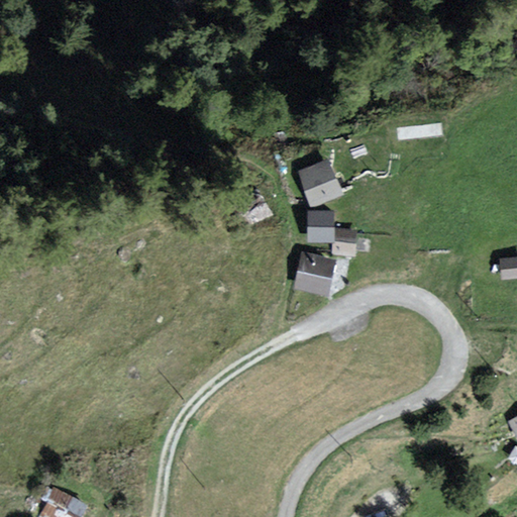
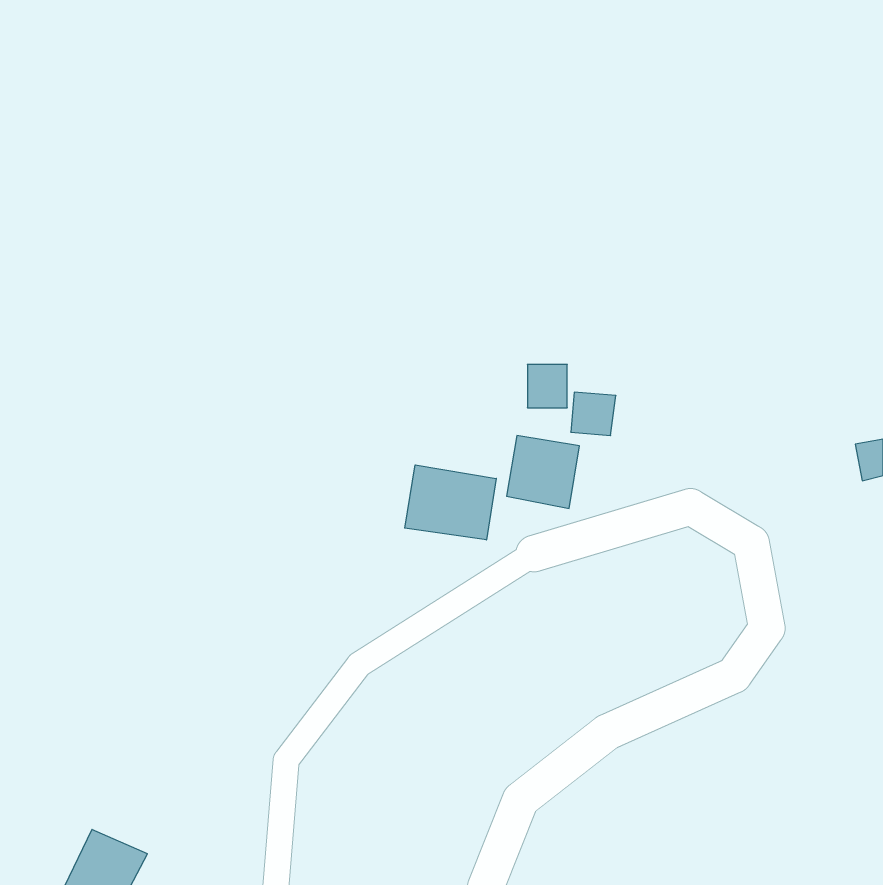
building: [297,160,343,205] -> none
building: none -> [405,465,496,540]

